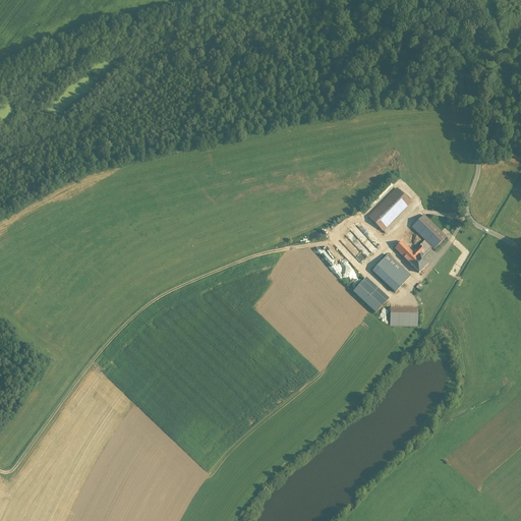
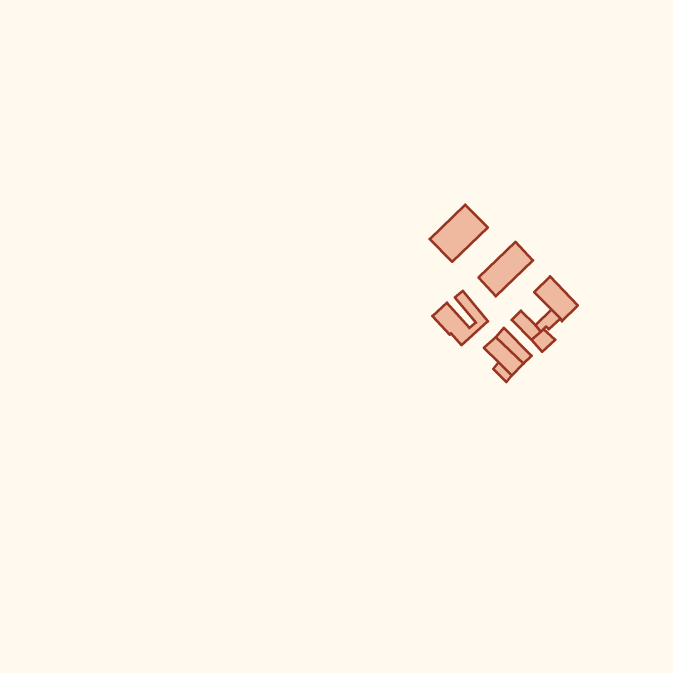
building: none -> [430,205,488,262]
building: [351,279,384,311] -> none
building: [388,306,416,326] -> none

